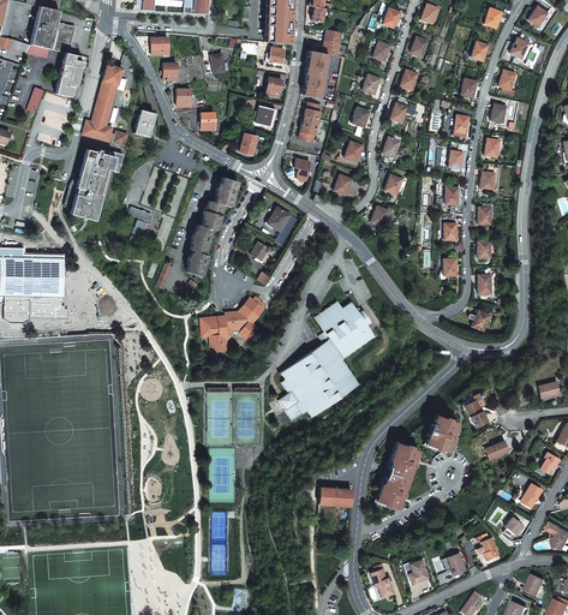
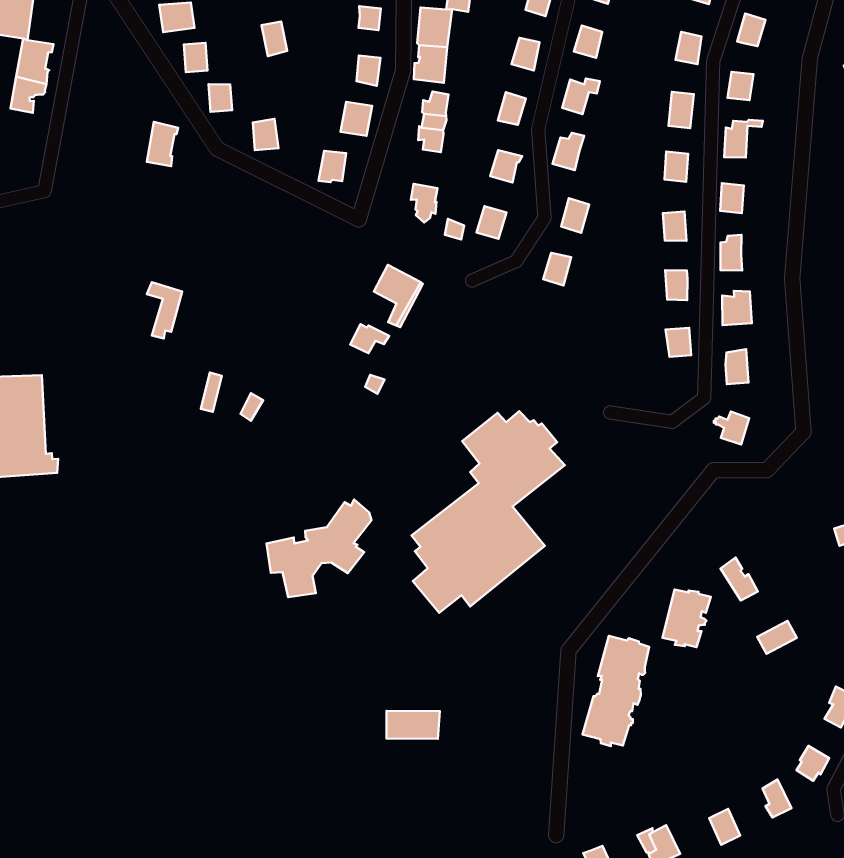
building: [83,65,127,145] -> none
building: [72,150,124,220] -> none
building: [183,178,238,276] -> none
building: [199,295,264,352] -> [267,500,372,597]
building: [317,486,351,506] -> [386,711,440,739]

